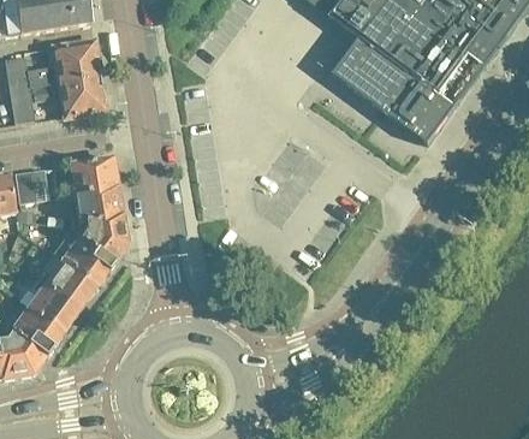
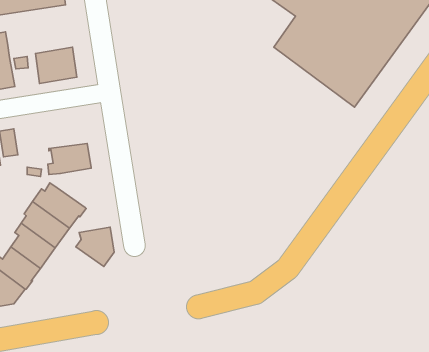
building: [25,37,101,84] -> none
building: [71,154,118,190] -> none
building: [83,213,127,259] -> [76,227,114,267]

